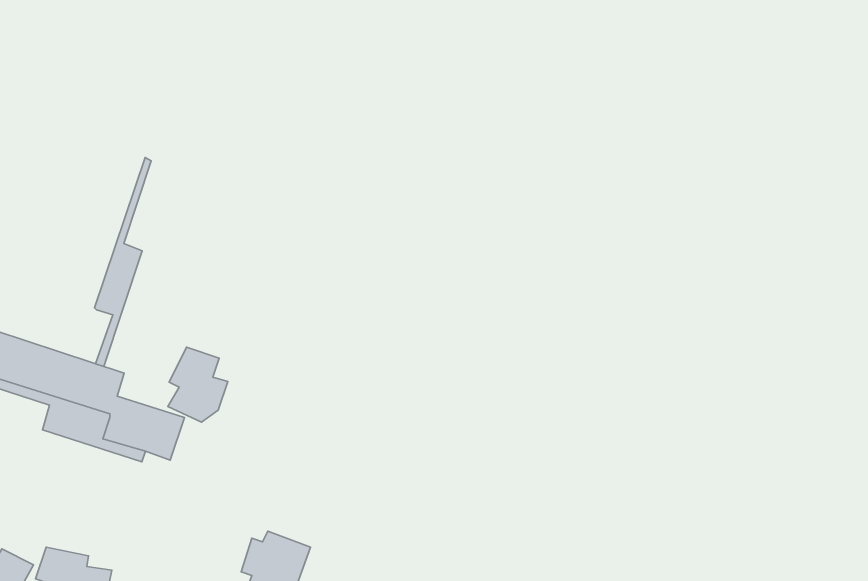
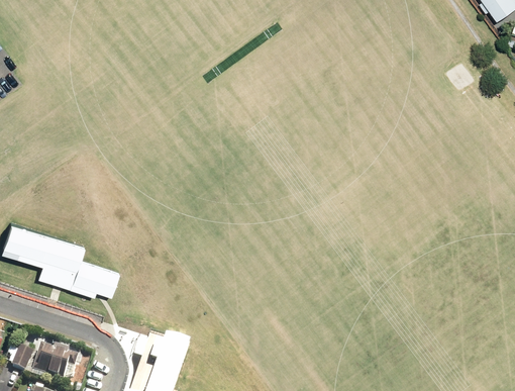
building: [94,158,151,366] -> none
building: [168,347,228,422] -> none

